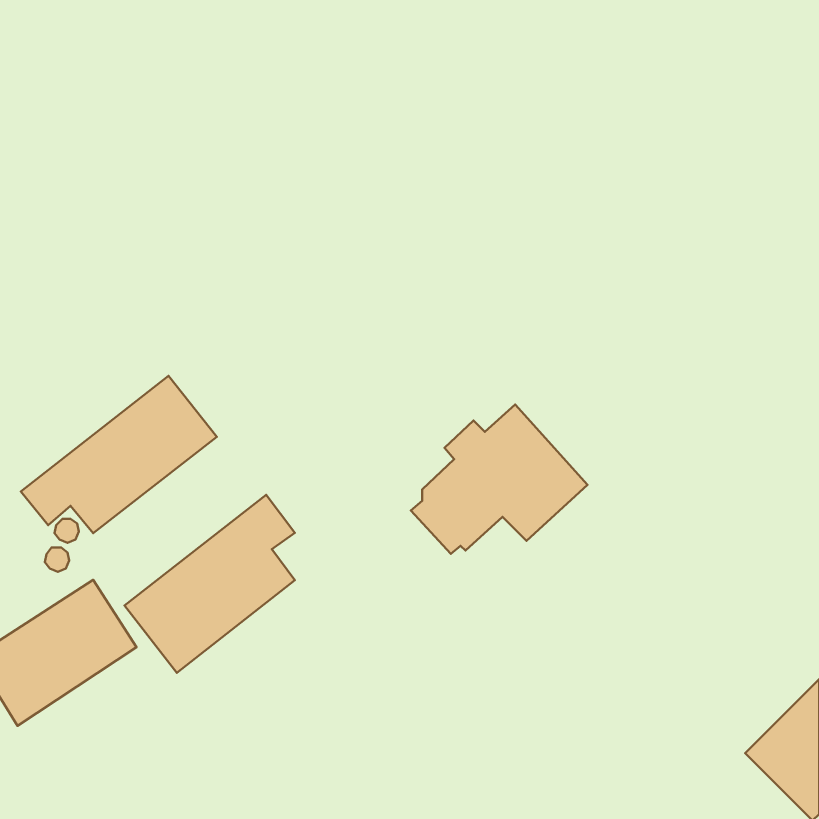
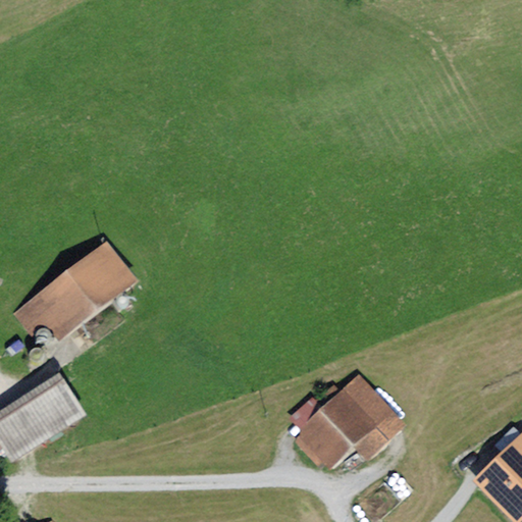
building: [411,404,587,554] -> [294,373,406,468]
building: [125,495,295,673] -> none

